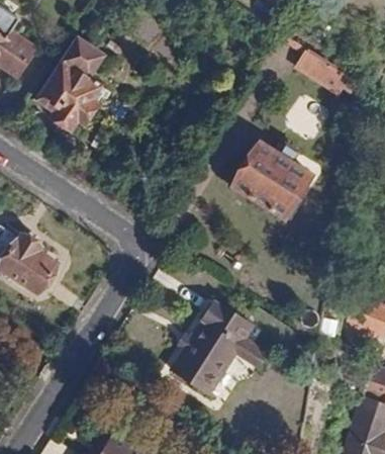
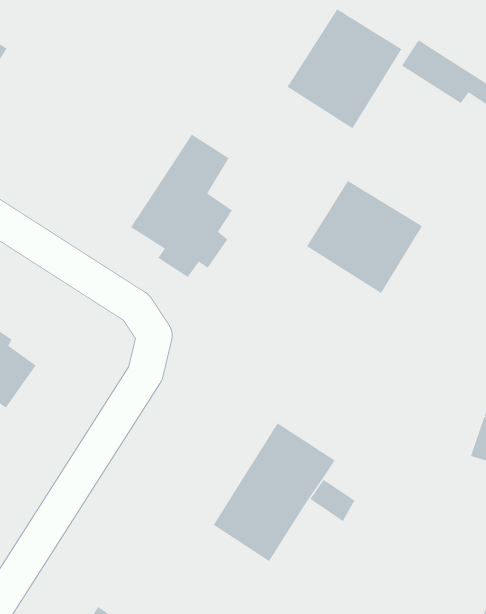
building: none -> [287,8,402,129]
building: [40,37,108,132] -> [130,134,233,278]

